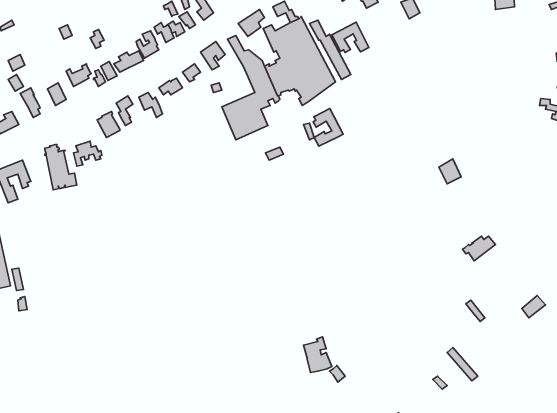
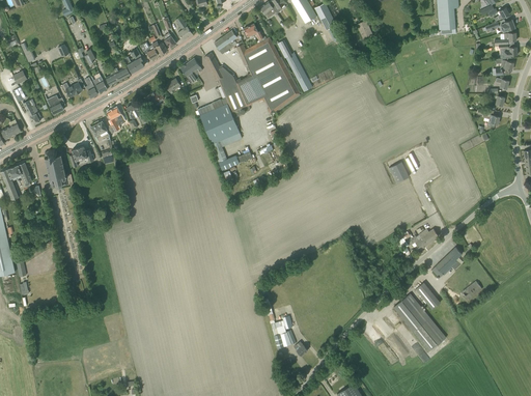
building: [332,22,369,52] -> none
building: [313,109,343,146] -> none
building: none -> [431,247,462,278]
building: none -> [393,293,446,350]

